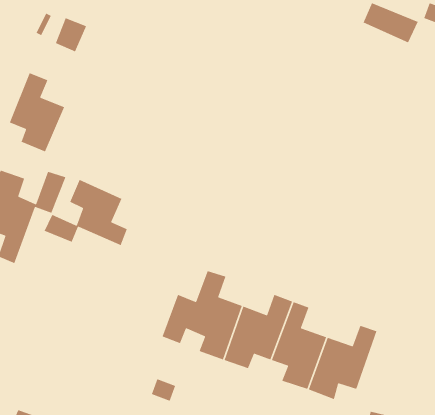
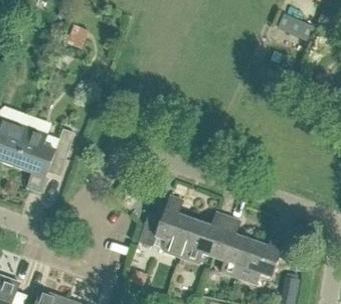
building: [9,72,65,153] -> none
building: [43,179,128,246] -> none

